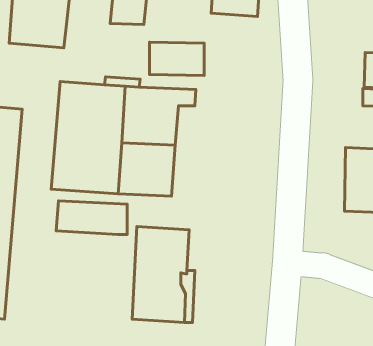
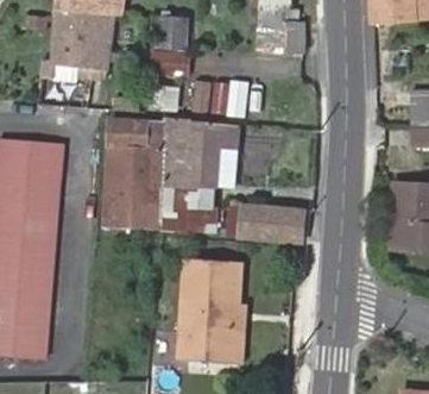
building: [56,201,127,234] -> [223,208,296,243]

